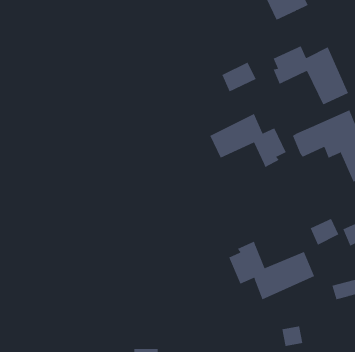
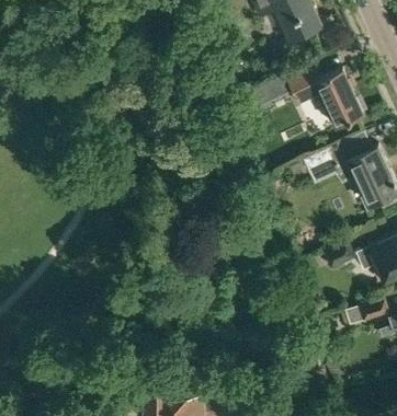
building: [209,113,286,168] -> none
building: [229,241,315,300] -> none

